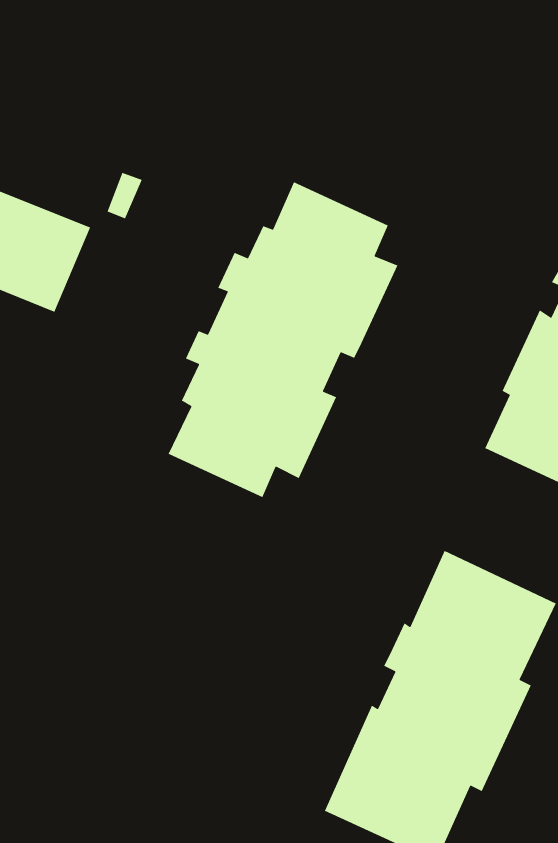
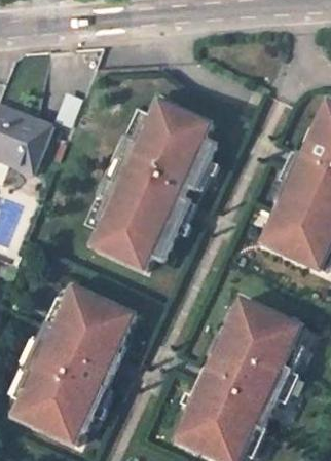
building: none -> [14,286,136,444]

